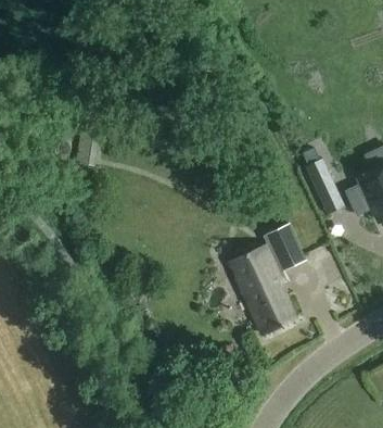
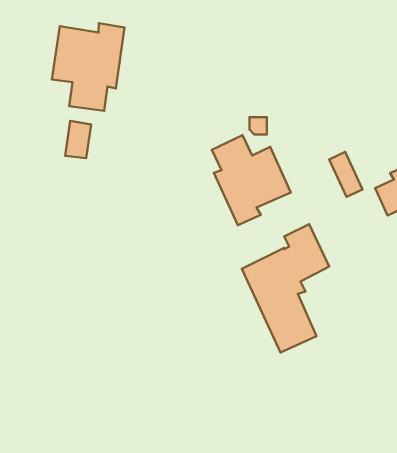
building: none -> [52,23,124,111]
building: none -> [212,135,291,225]

